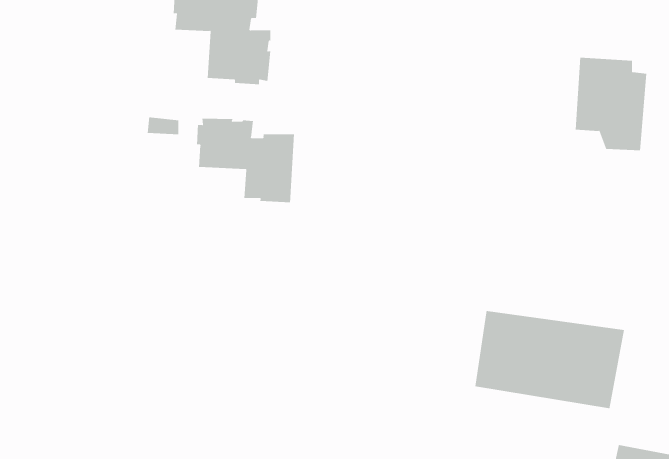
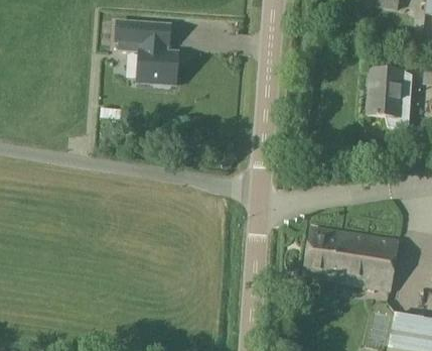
building: [197,118,294,203] -> none

